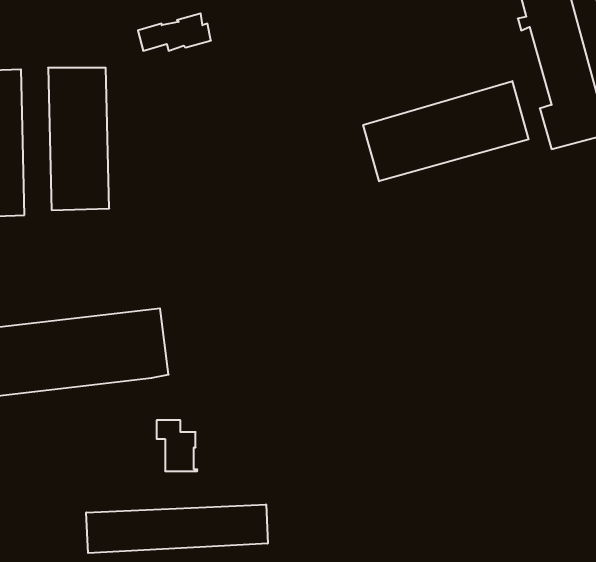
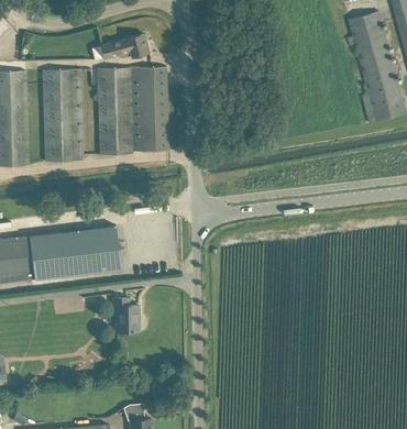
building: none -> [97,66,167,155]
building: [363,81,529,181] -> none
building: [86,504,268,553] -> none

